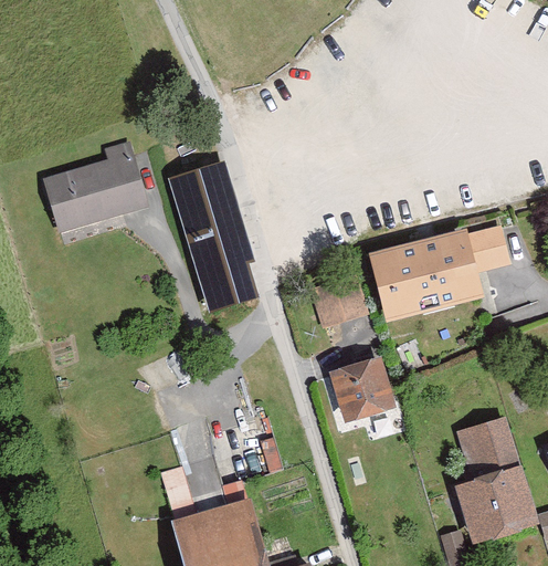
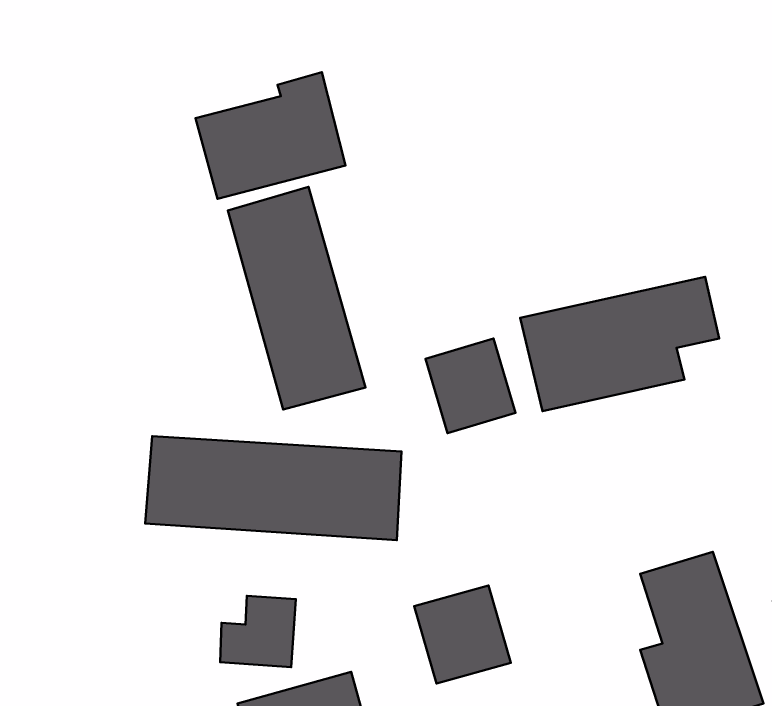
building: [41,142,146,230] -> [195,72,346,199]
building: none -> [145,436,401,540]
building: [328,357,396,426] -> [414,586,511,684]

